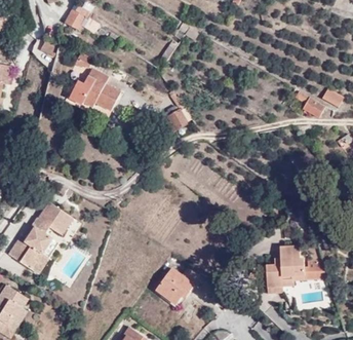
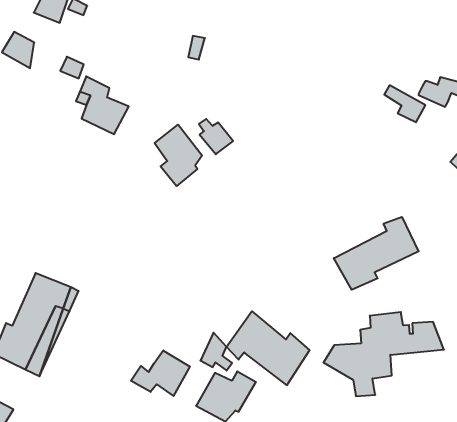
building: none -> [155,125,202,186]
building: none -> [334,217,419,290]
building: none -> [226,311,310,385]
building: none -> [131,350,190,396]

